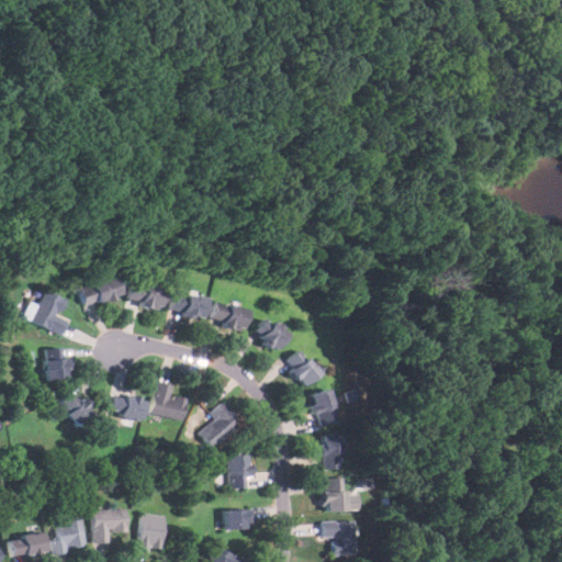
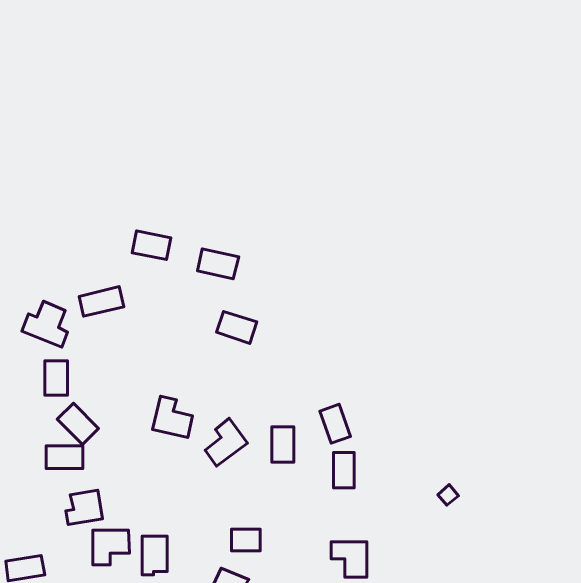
building: [130,282,167,310] -> [132,231,171,260]
building: [171,291,211,319] -> [198,249,239,279]
building: [256,317,290,351] -> none
building: [286,349,323,386] -> none
building: [110,395,145,417] -> [46,446,83,469]
building: [229,456,250,490] -> [272,427,294,462]
building: [325,480,362,513] -> none
building: [52,521,87,554] -> [66,490,102,524]

